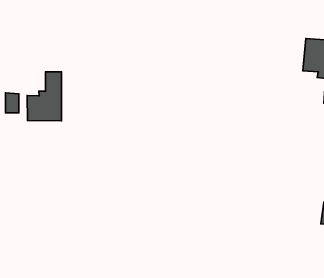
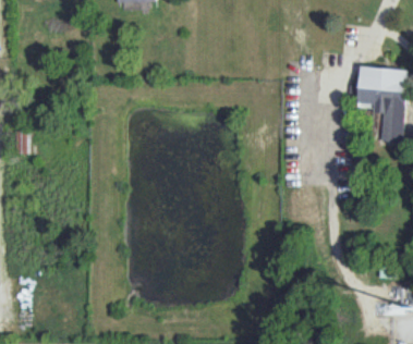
building: [27,72,61,121] -> none

